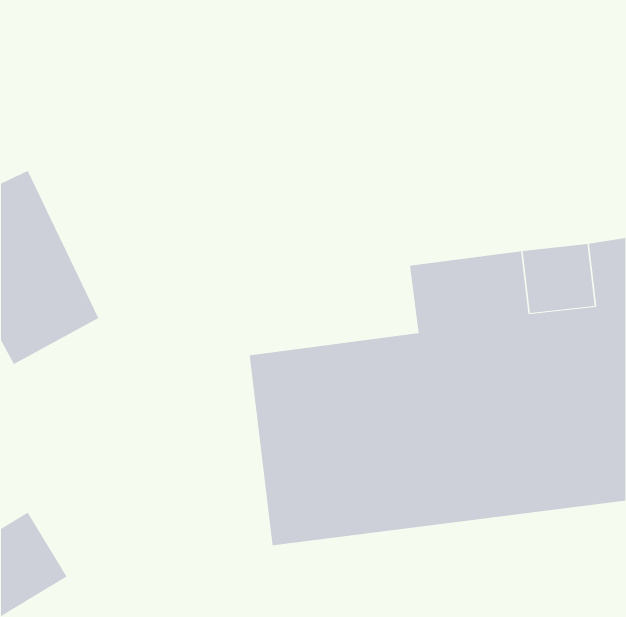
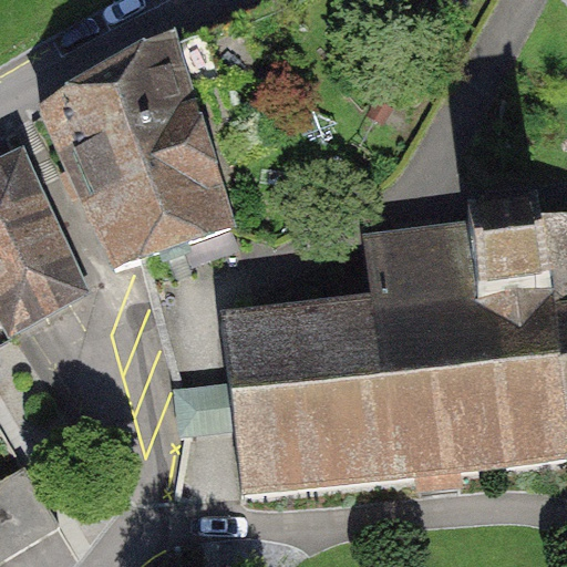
building: none -> [47,39,234,268]

